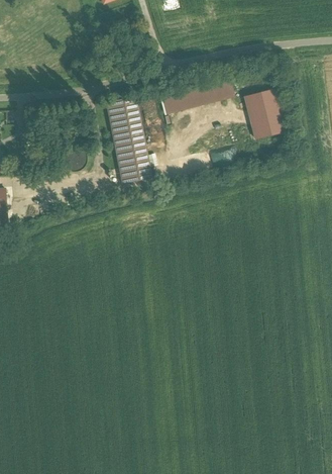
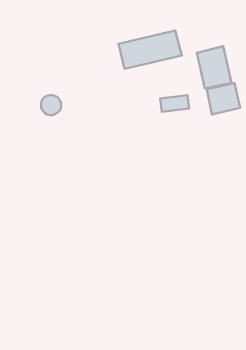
building: [104,99,150,184] -> none
building: none -> [207,83,240,114]

